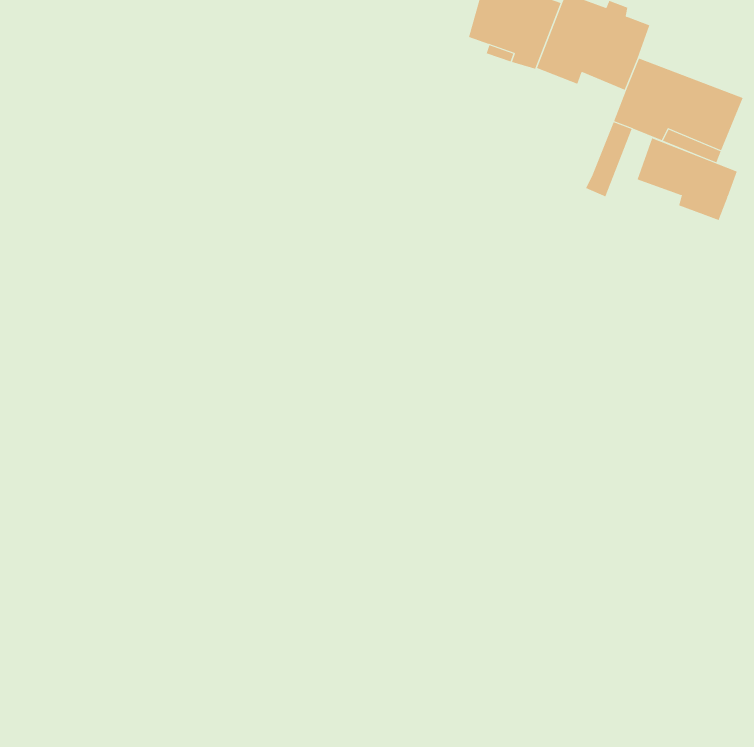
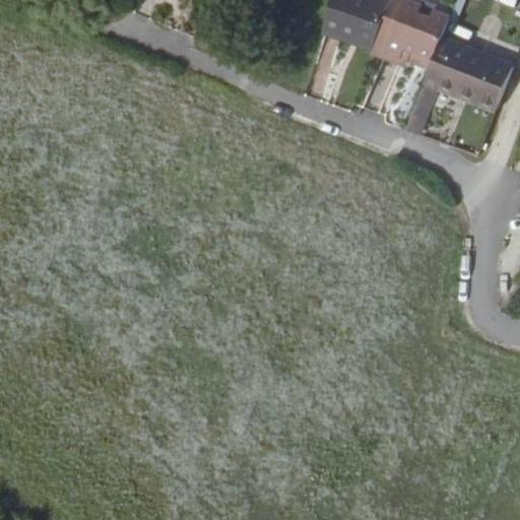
building: [637,137,737,221] -> none

